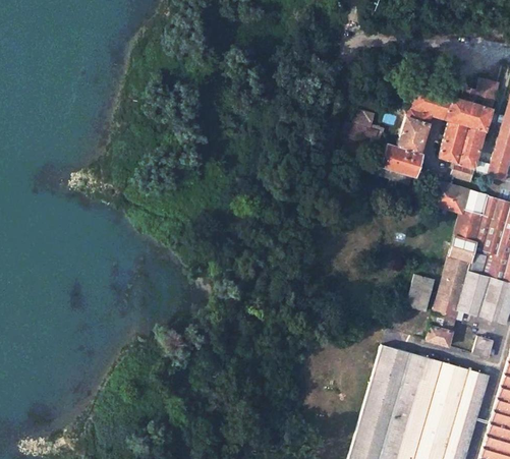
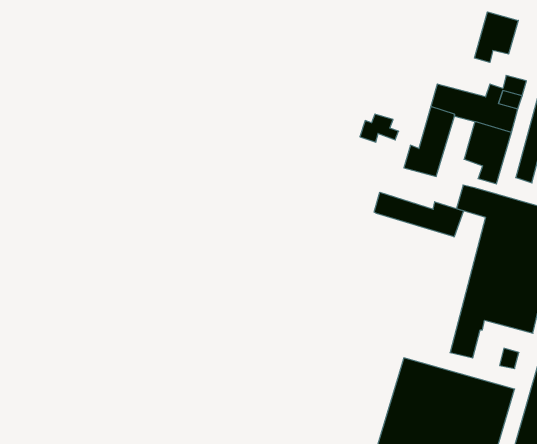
building: none -> [475,12,518,62]
building: none -> [374,192,464,237]
building: [408,276,434,309] -> none

